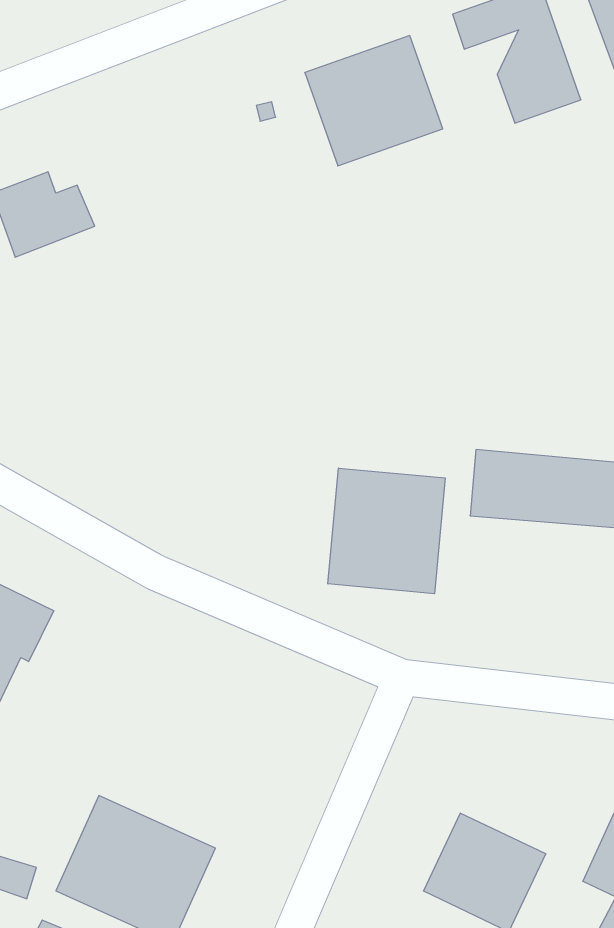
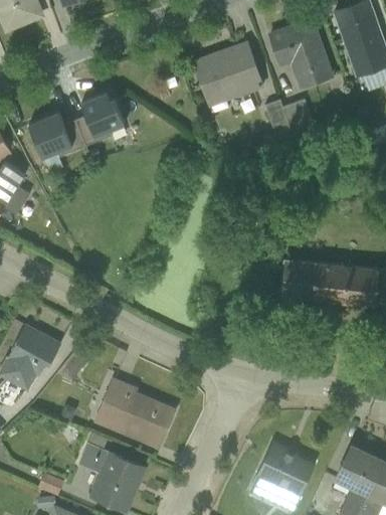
building: none -> [73,94,122,142]
building: none -> [264,100,311,135]
building: [328,468,445,594] -> none
building: none -> [99,380,174,444]

